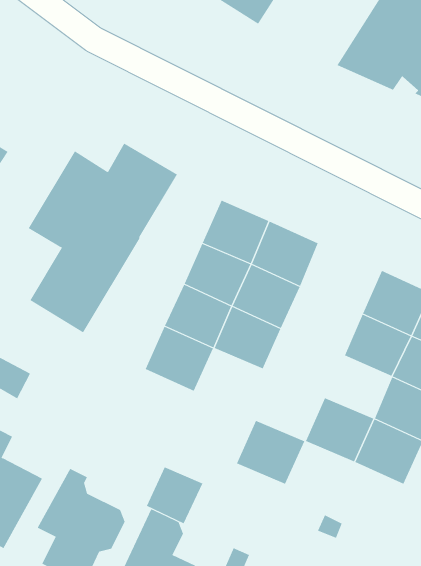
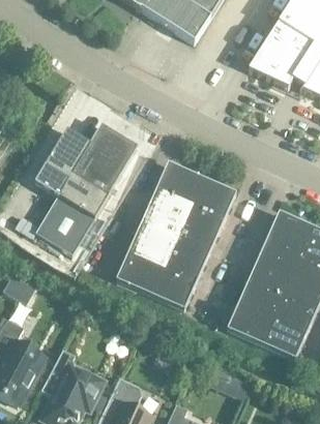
building: none -> [239,270,286,313]
building: [236,420,305,484] -> [149,265,197,309]
building: [146,466,203,524] -> none

